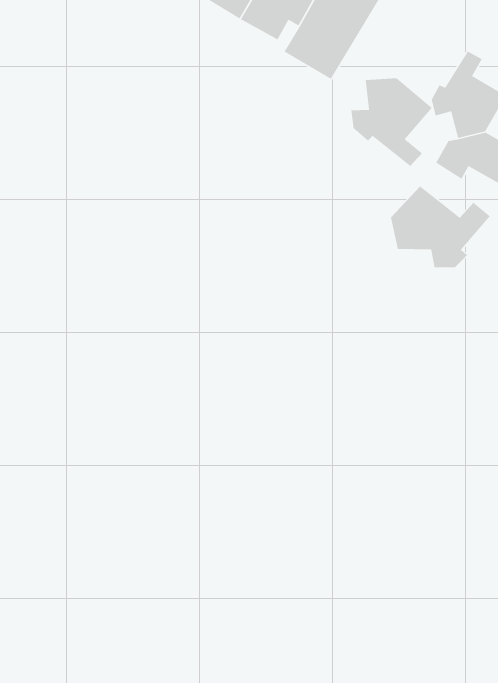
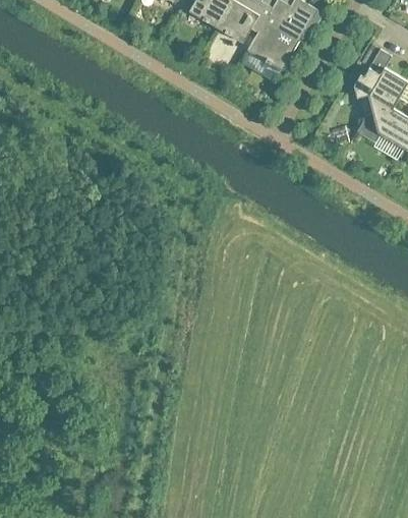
building: [351,77,433,167] -> none
building: [390,185,491,268] -> none

